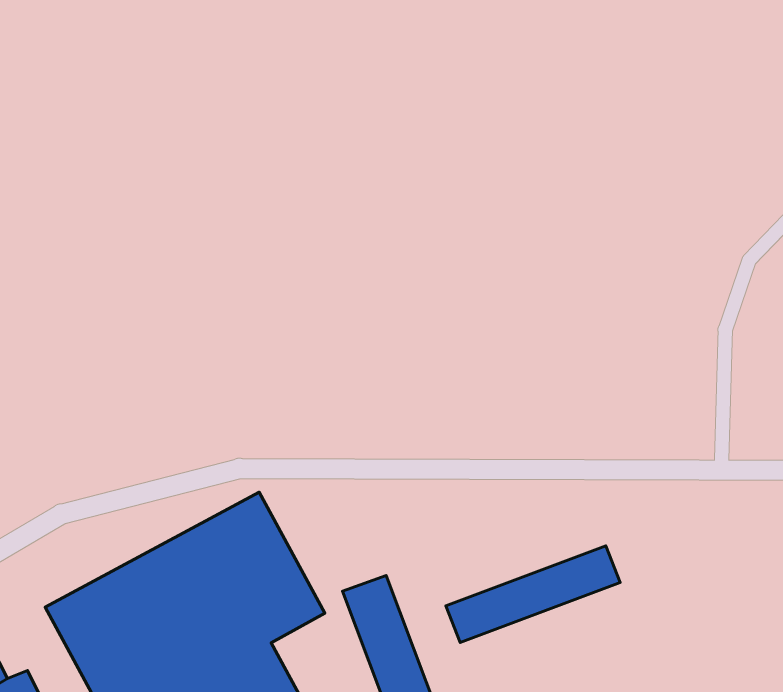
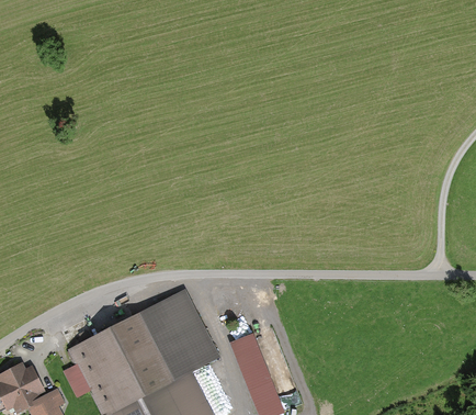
building: [446,546,620,643] -> none

